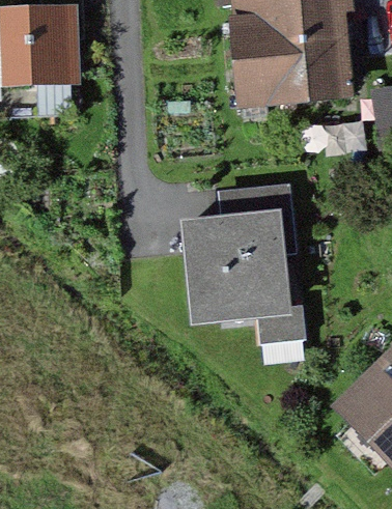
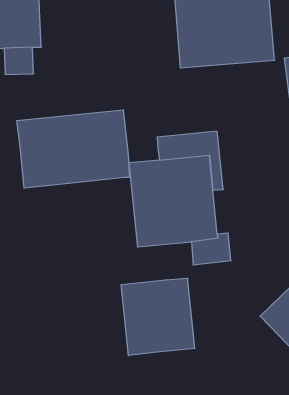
building: none -> [17,110,130,188]
building: none -> [121,278,195,356]

